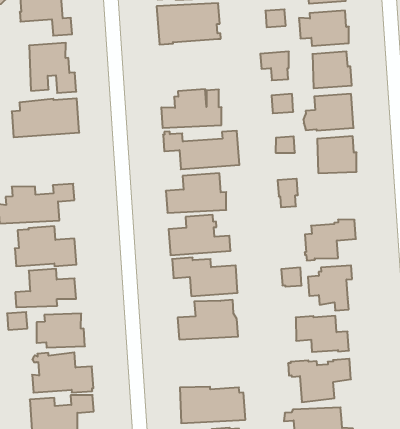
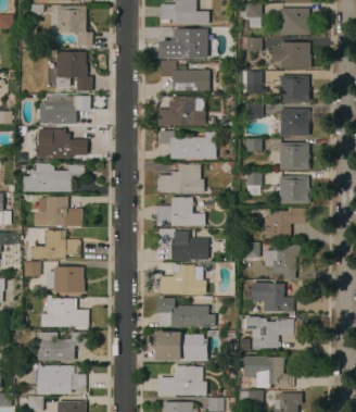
building: none -> [161,62,209,91]
building: none -> [34,129,88,158]
building: none -> [278,176,310,204]
building: none -> [158,298,215,327]

